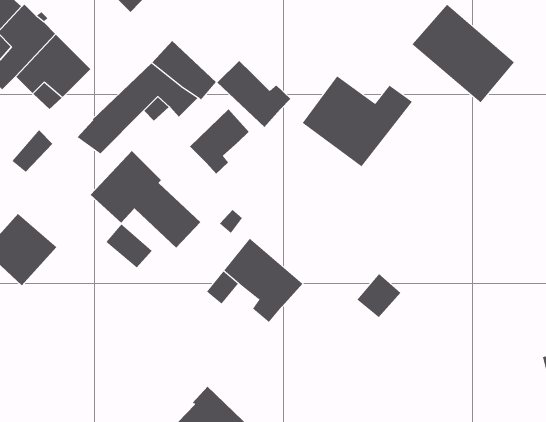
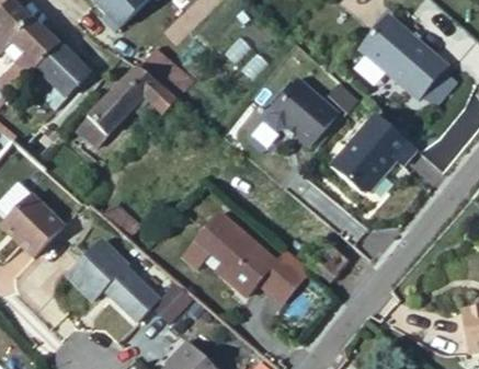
building: [216,60,291,128] -> none
building: [189,108,250,174] -> none
building: none -> [328,115,417,206]
building: [90,150,201,248] -> [65,235,158,318]
building: none -> [249,242,299,292]

